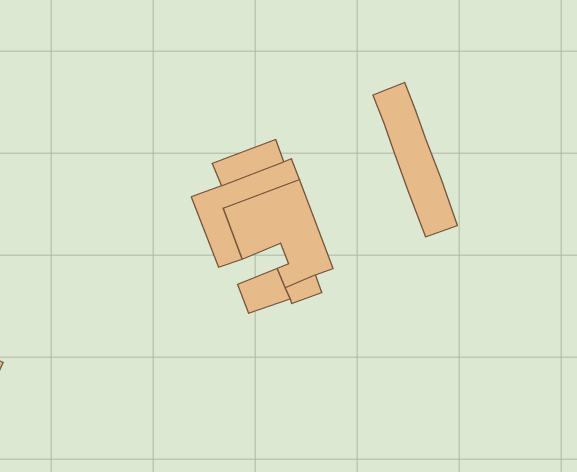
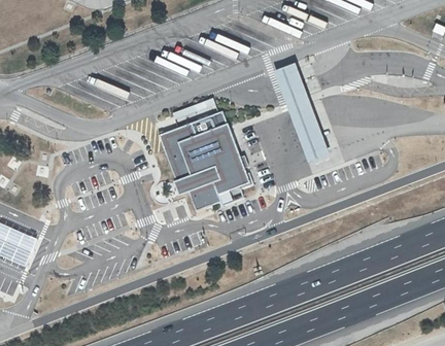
building: none -> [175,163,220,192]

